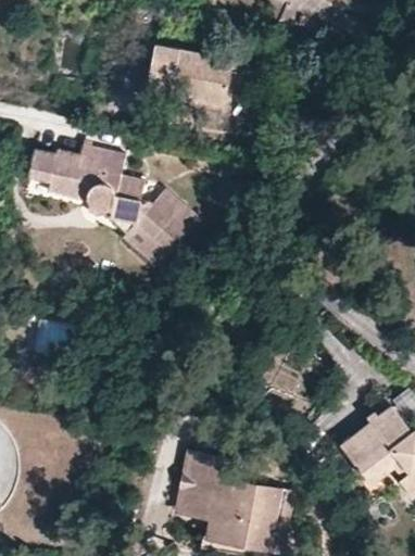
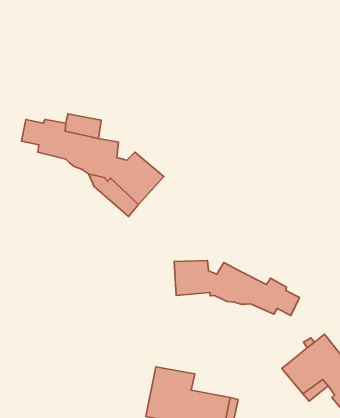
building: [146,46,231,110] -> none
building: none -> [174,260,300,315]

